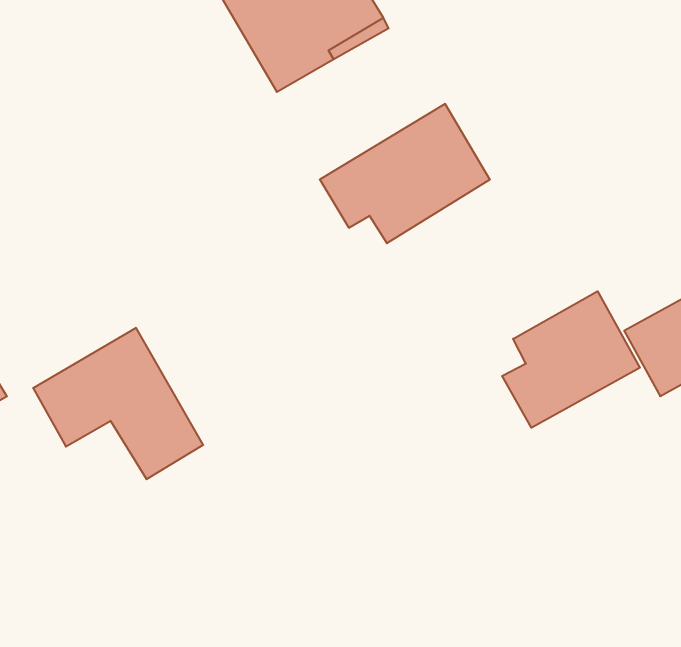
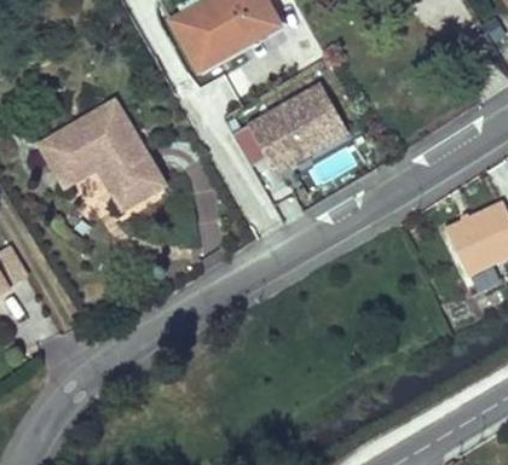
building: [502,291,640,428] -> none
building: [33,328,203,479] -> [44,101,163,208]

